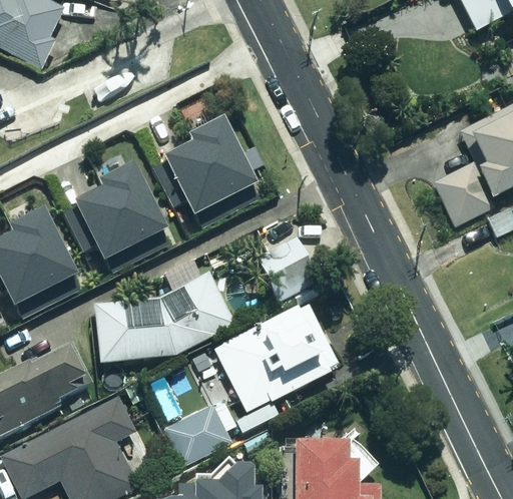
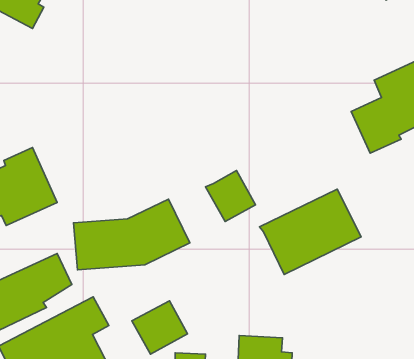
building: [156,118,258,219] -> none
building: [62,165,163,260] -> none
building: [214,304,339,408] -> [259,189,361,275]

